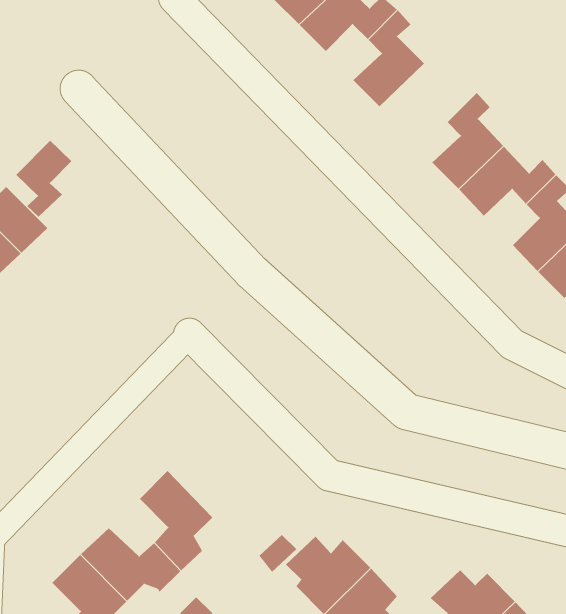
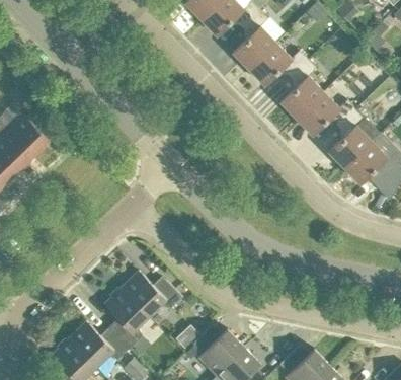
building: none -> [248,43,307,85]
building: [15,140,72,218] -> none
building: none -> [121,271,182,316]

